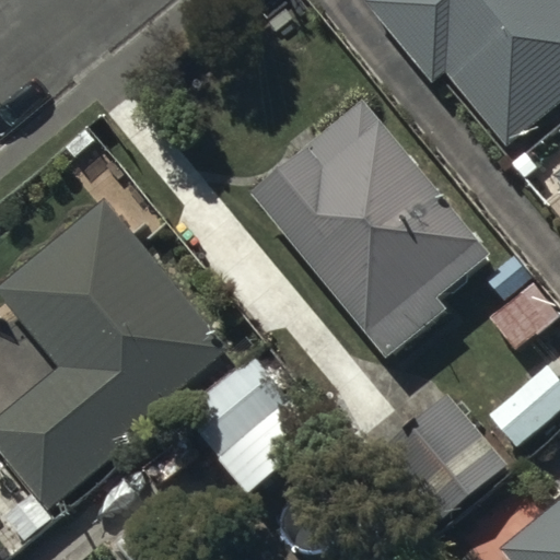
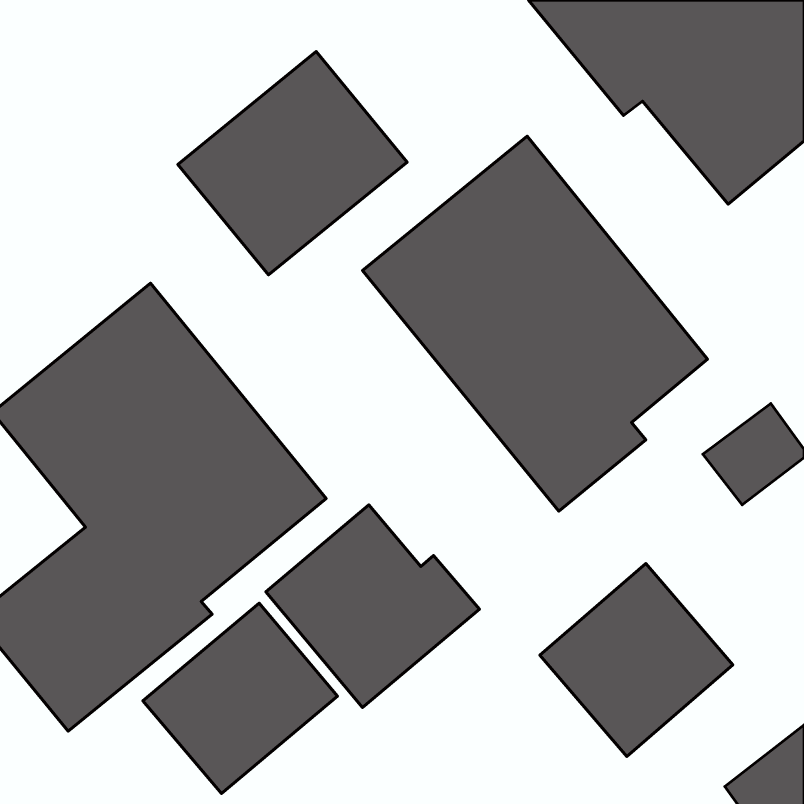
building: none -> [178,52,407,275]
building: none -> [143,603,338,794]

